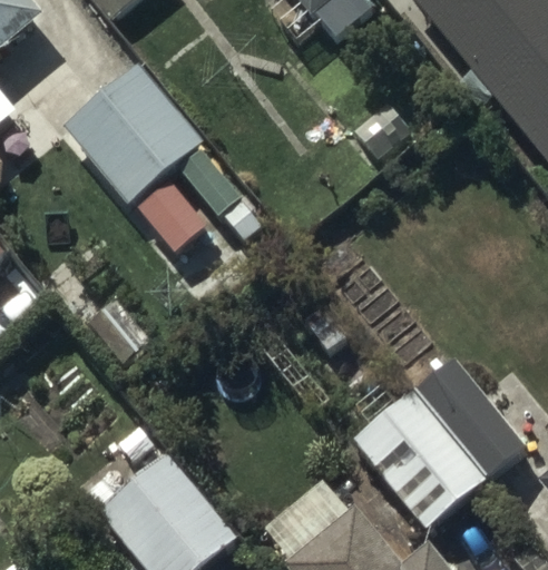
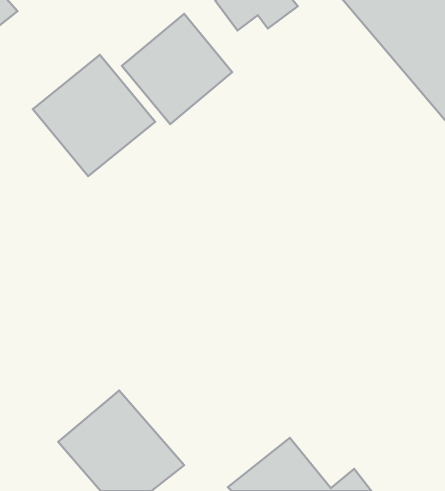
building: none -> [122,14,232,124]
building: [352,357,527,529] -> none

